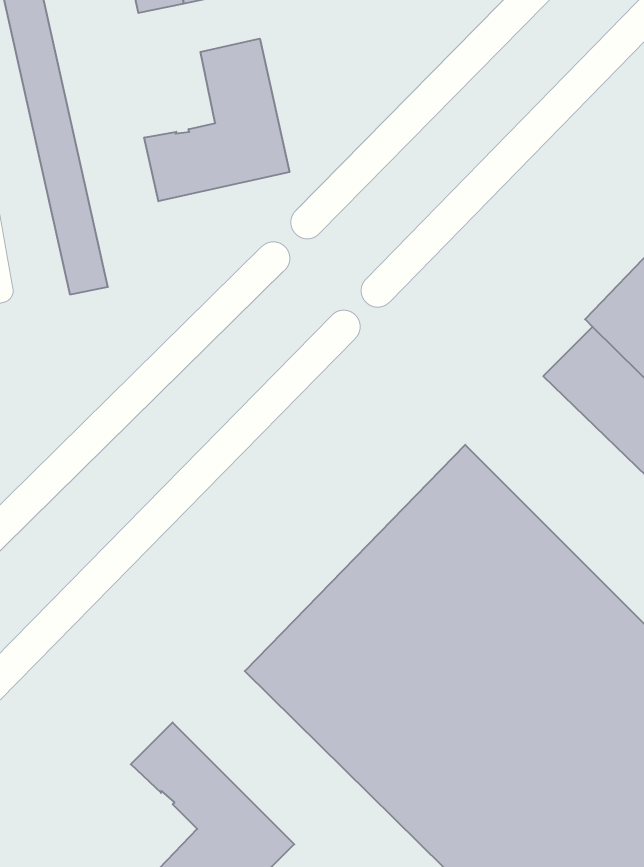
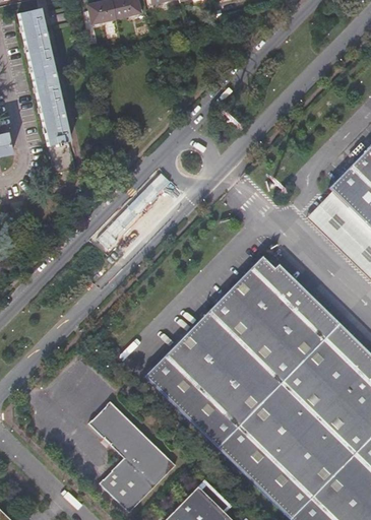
building: [144,39,289,201] -> none

